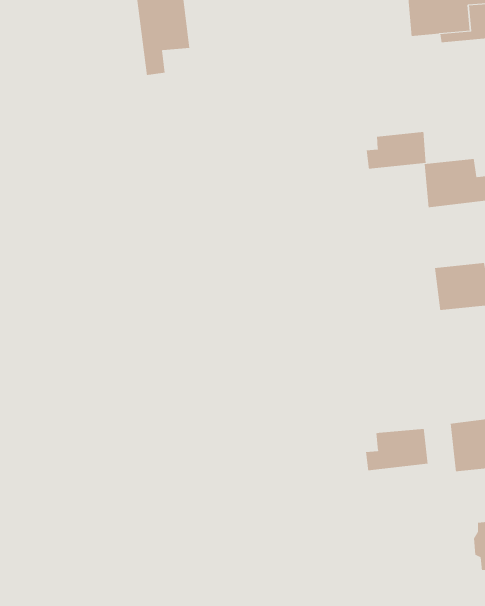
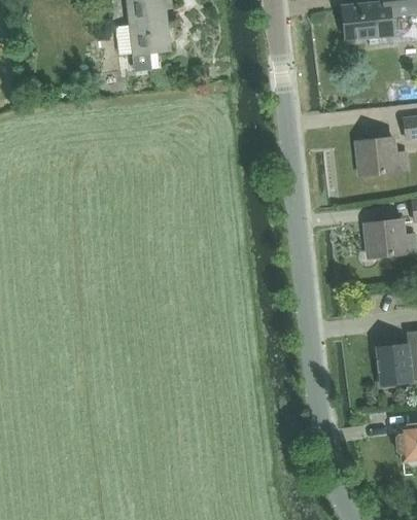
building: [366,131,426,169] -> none
building: [365,428,428,471] -> none

